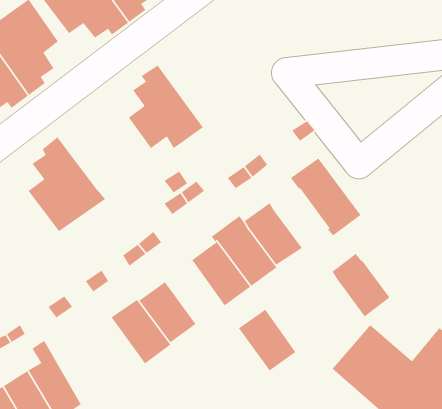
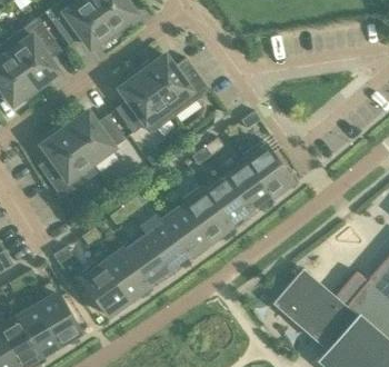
building: none -> [138,54,209,117]
building: none -> [60,111,126,165]
building: [331,253,390,317] -> [225,160,270,210]
building: [238,308,297,371] -> [143,220,189,269]
building: none -> [77,259,128,316]

